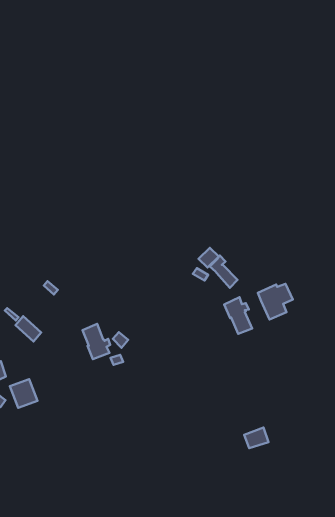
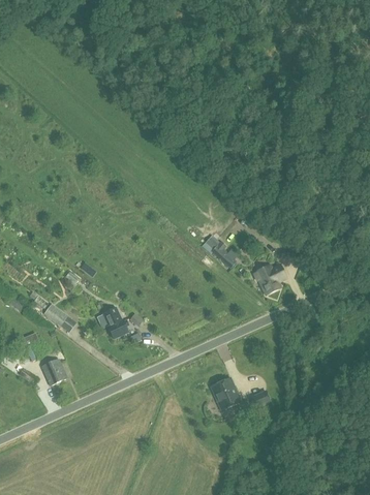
building: [224,297,252,334] -> none
building: none -> [210,377,240,410]

